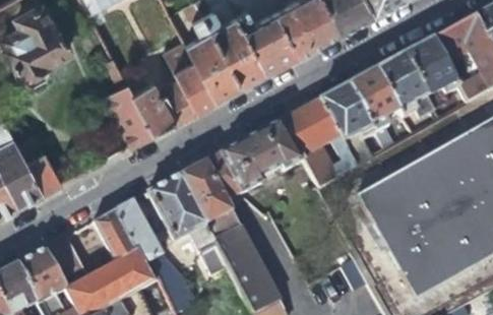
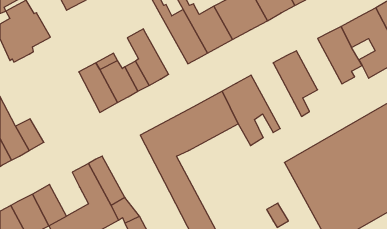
building: [186,13,241,96] -> none
building: [377,51,434,115] -> none
building: [320,81,374,164] -> none
building: [148,172,218,252] -> none

